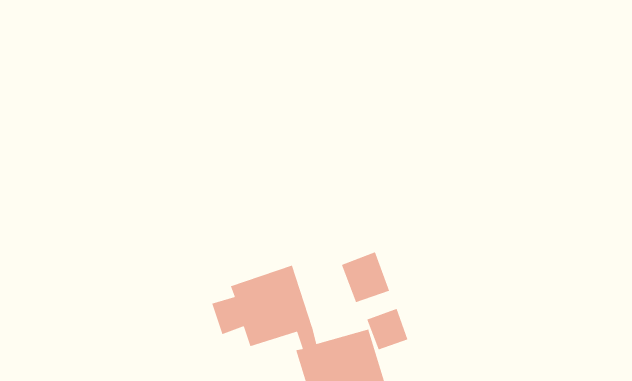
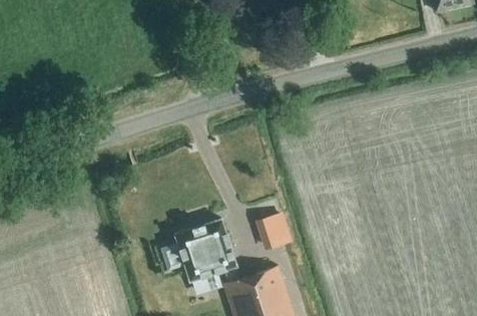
building: [366,308,408,350] -> none

